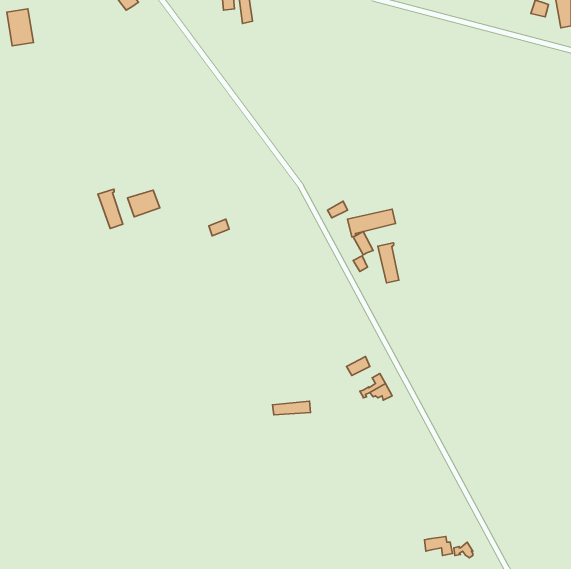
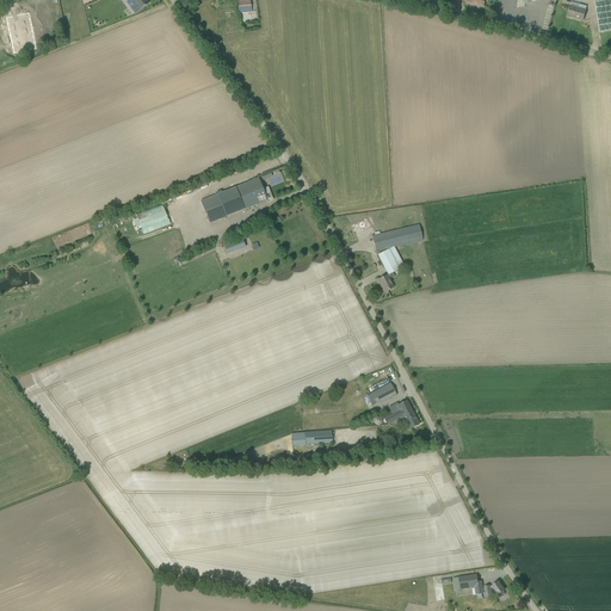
building: none -> [217,177,272,215]
building: [98,189,123,229] -> none
building: [378,243,399,283] -> none

